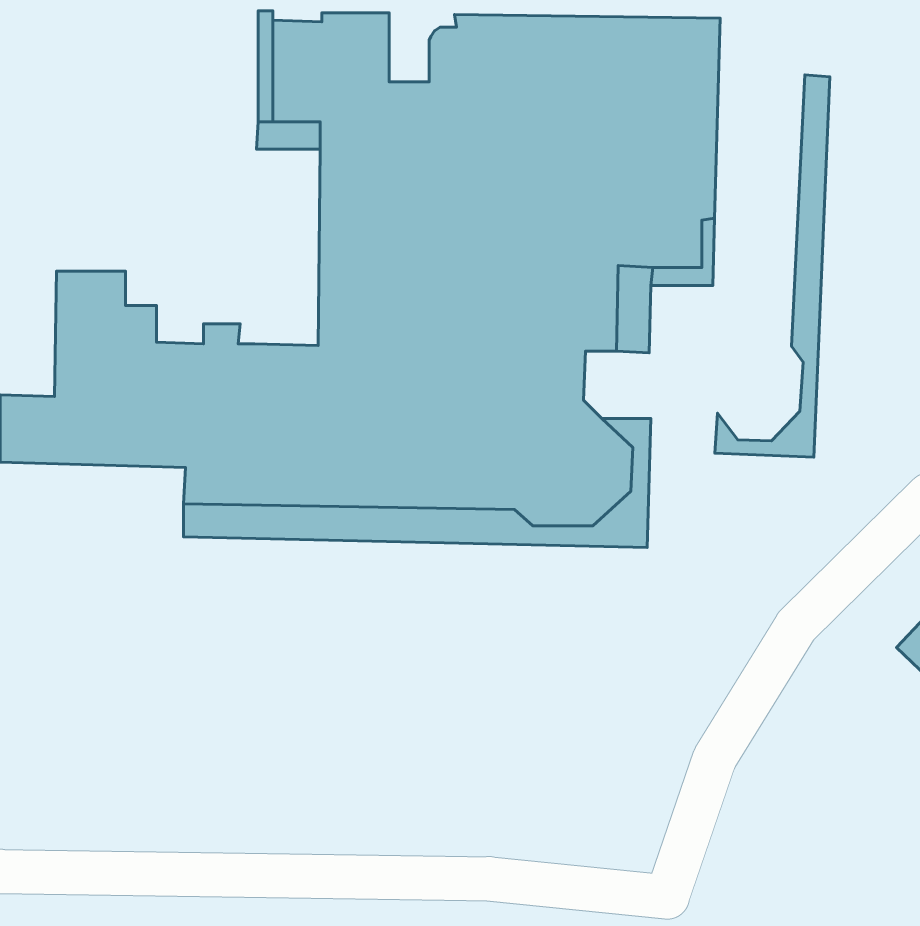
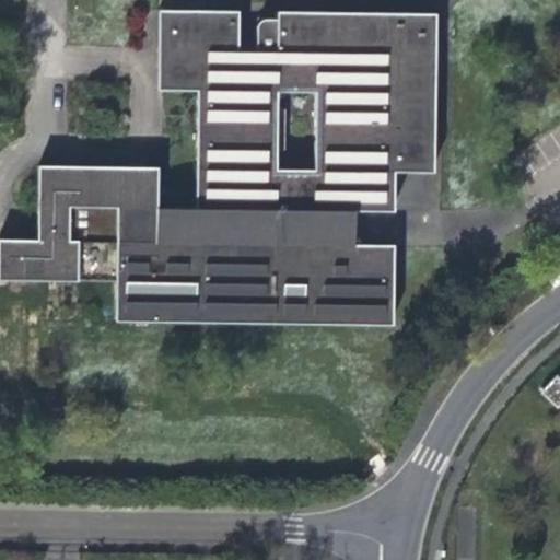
building: [715,75,830,457] -> none
building: none -> [81,163,160,207]

